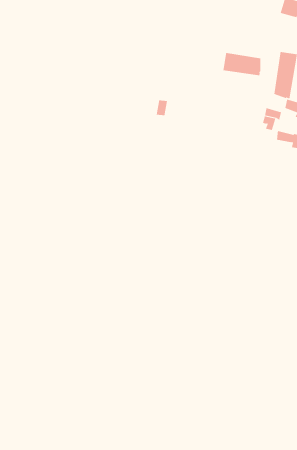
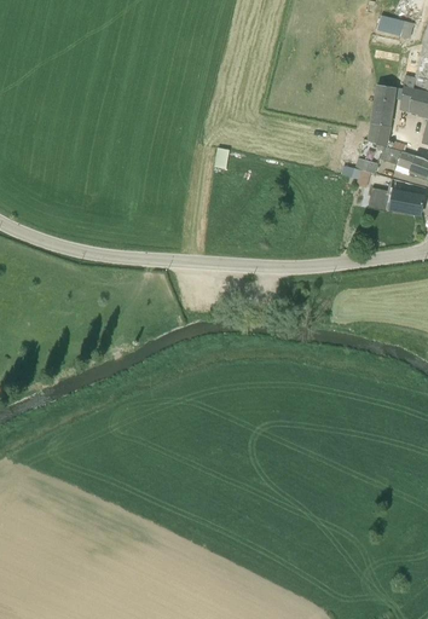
building: [223,52,261,76] -> none

